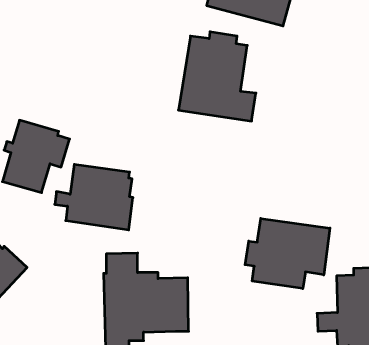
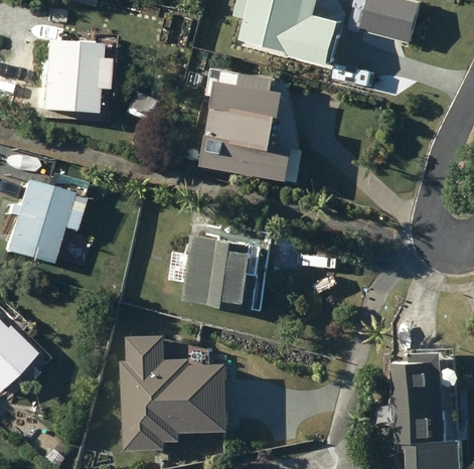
building: none -> [37,41,107,112]
building: [55,164,133,230] -> [173,236,266,313]
building: [245,218,330,289] -> none

